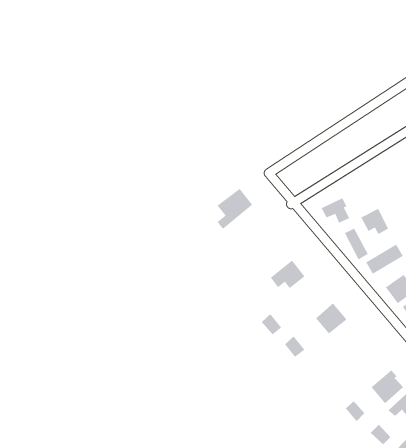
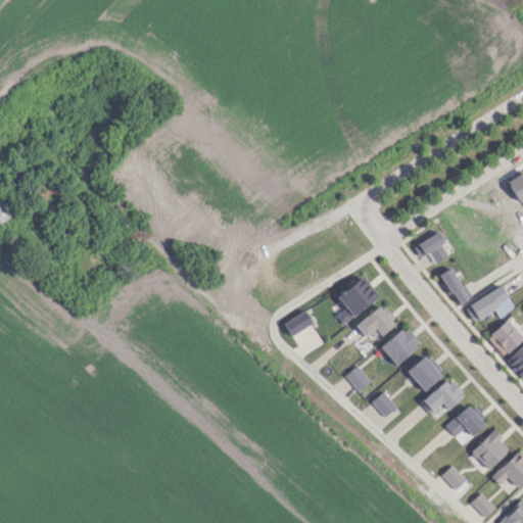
building: [216,188,253,230] -> [337,277,379,325]
building: [360,208,389,235] -> none
building: none -> [285,311,314,336]
building: none -> [382,327,421,365]
building: none -> [421,379,464,415]
building: none -> [446,403,487,437]

